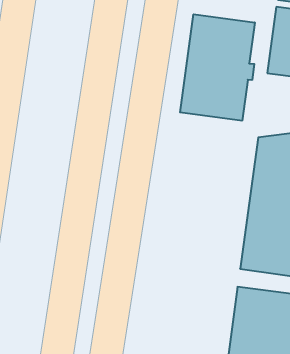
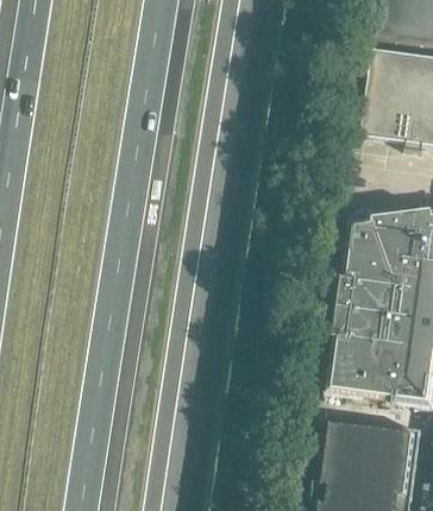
building: [180,14,255,121] -> none

